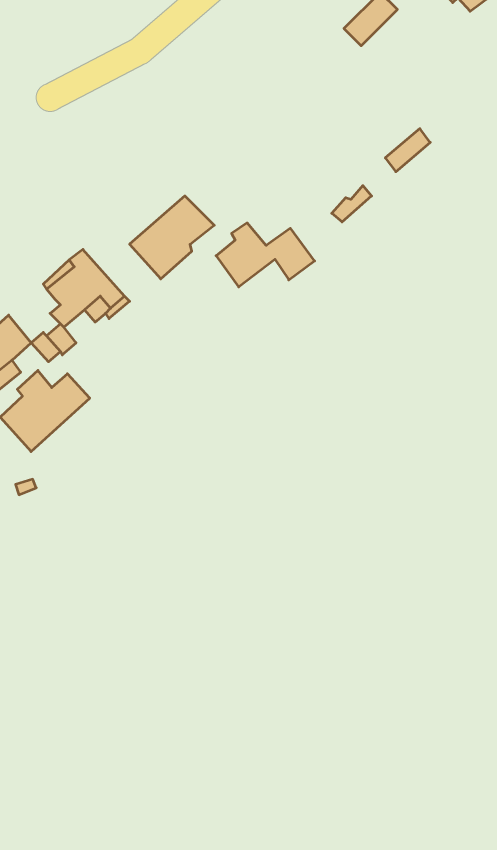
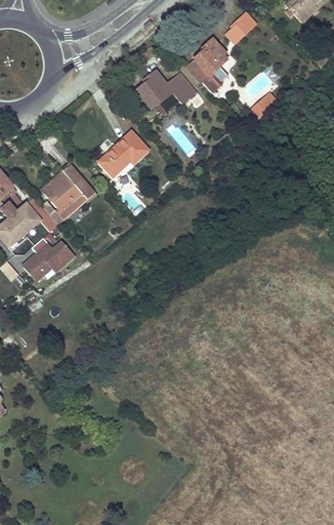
building: none -> [184,37,226,90]
building: [216,223,315,287] -> [136,70,195,108]

